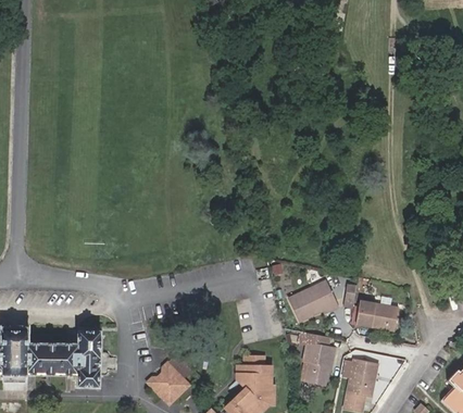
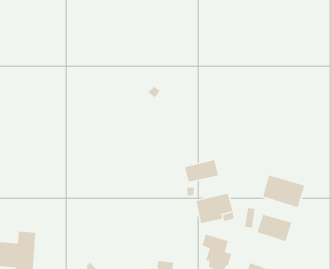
building: none -> [184,159,219,183]
building: none -> [262,174,305,208]

